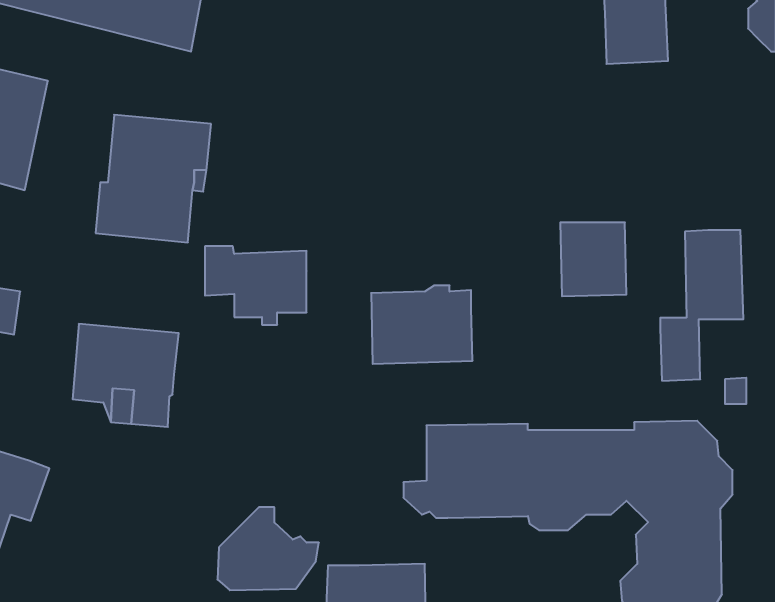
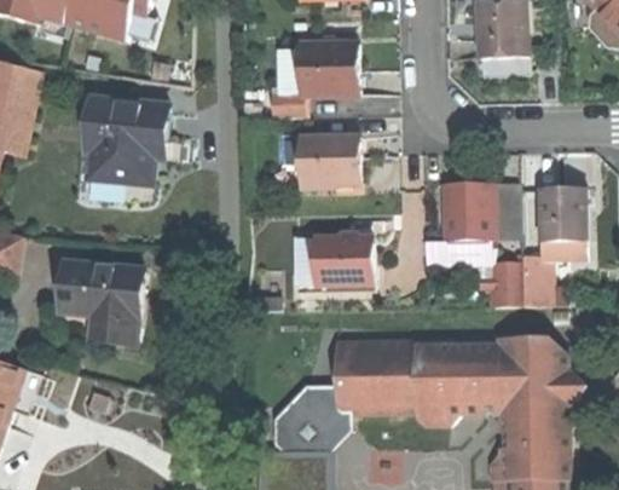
building: none -> [271,42,359,116]
building: none -> [493,181,520,238]
building: [205,246,307,325] -> [279,131,359,192]
building: none -> [492,265,522,306]
building: [217,507,319,590] -> [274,386,354,451]

